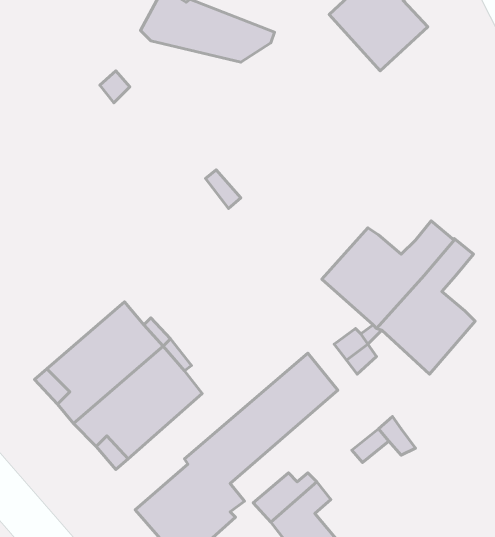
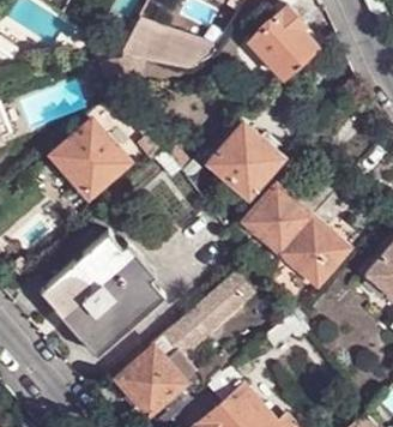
building: none -> [52,120,128,197]
building: none -> [208,125,282,198]

